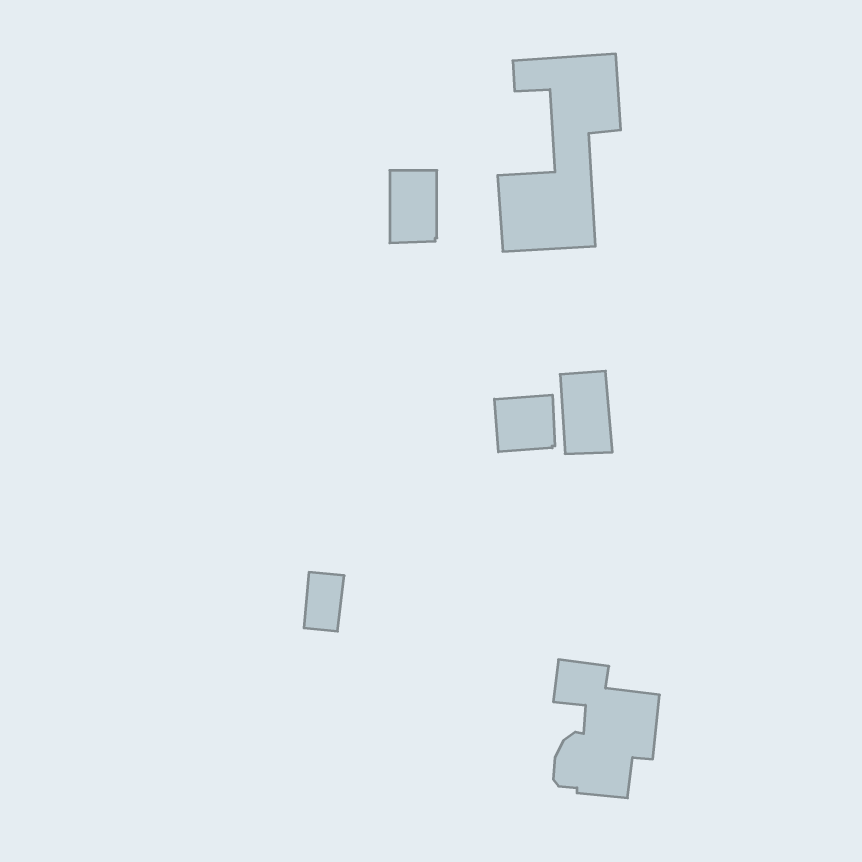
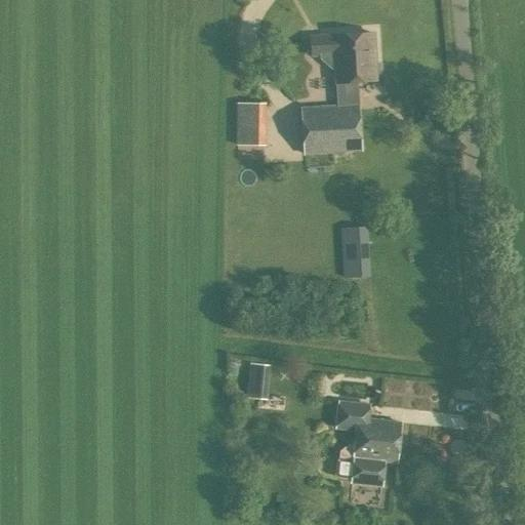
building: [494,395,555,452] -> none
building: [304,572,344,631] -> [249,361,274,397]

